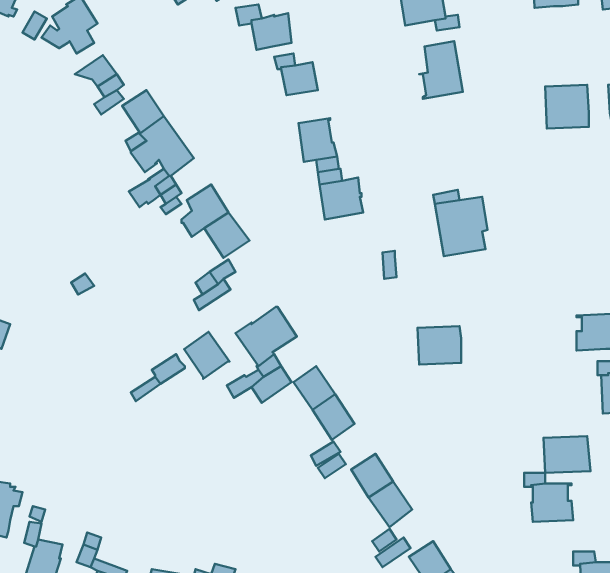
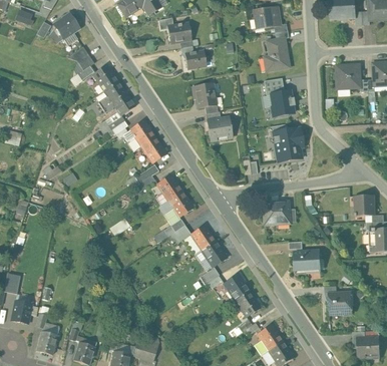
building: none -> [270,89,293,115]
building: [184,332,230,379] -> [156,173,182,201]
building: [543,436,591,473] -> [293,251,320,272]

